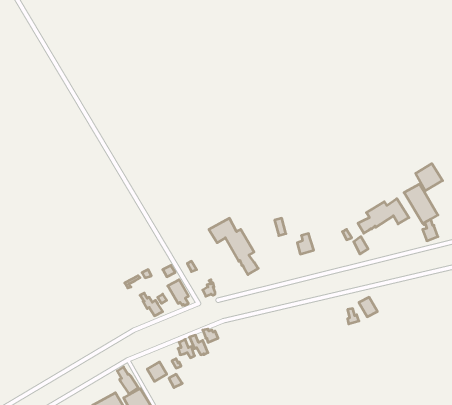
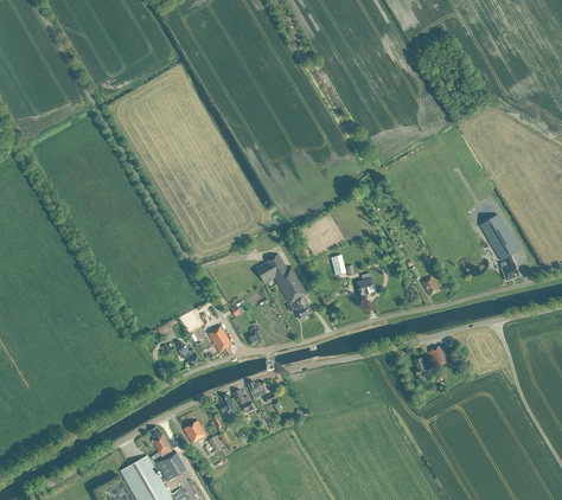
building: [416,164,443,191] -> none
building: [358,199,409,233] -> none

